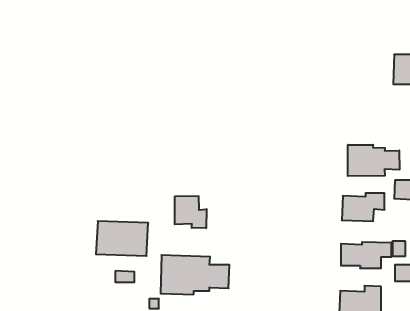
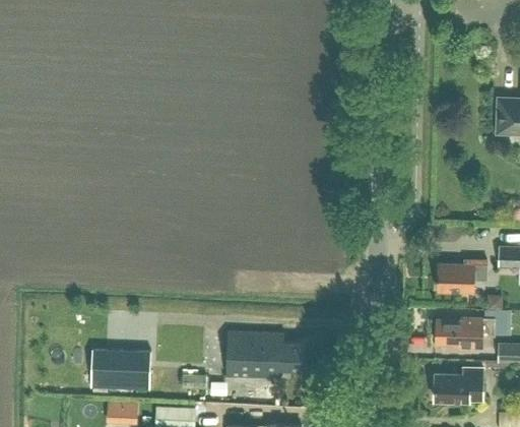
building: [348,145,400,176] -> none
building: [175,196,207,228] -> none
building: [96,221,148,256] -> [90,349,151,389]

